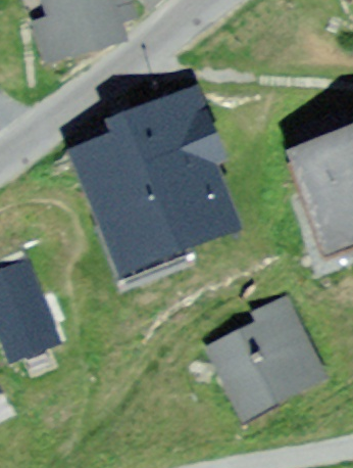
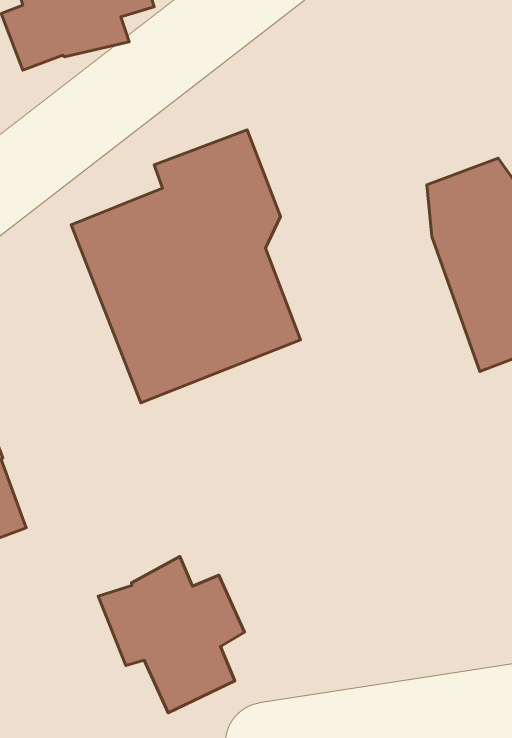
building: [214,296,316,409] -> none
building: none -> [98,556,245,713]

